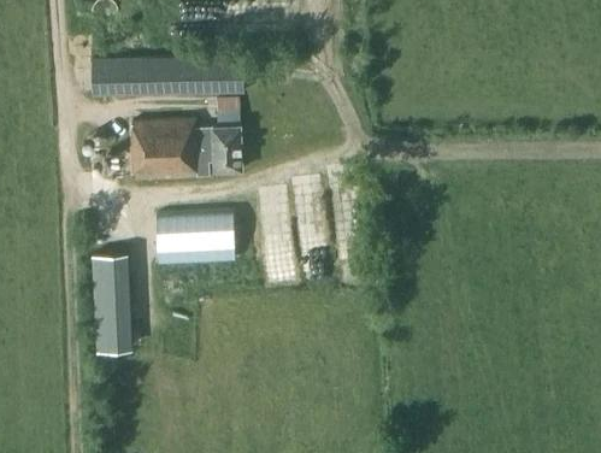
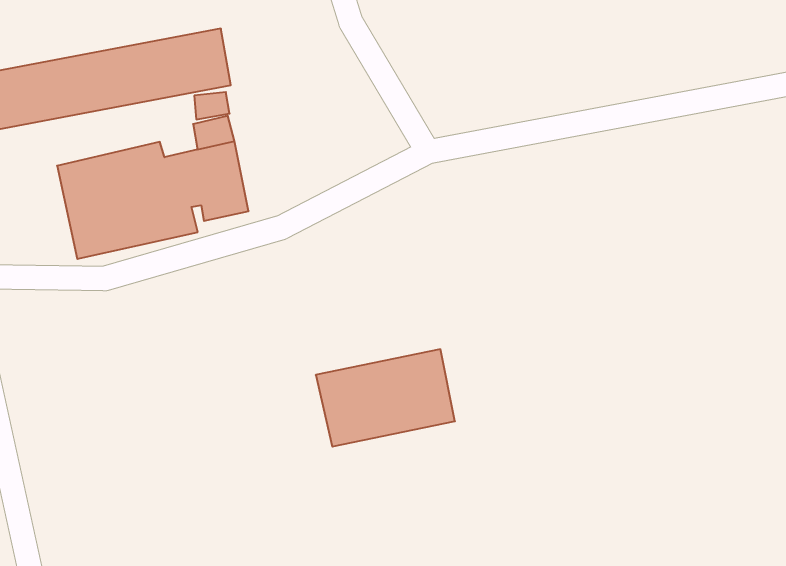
building: [157,213,235,260] -> [316,349,455,447]
building: [94,252,129,353] -> none

